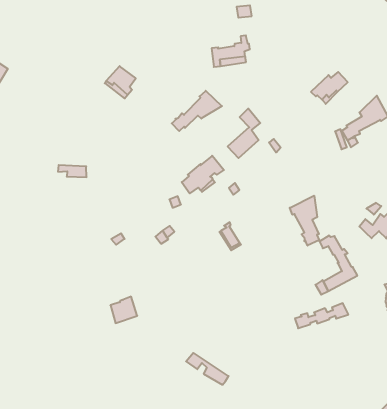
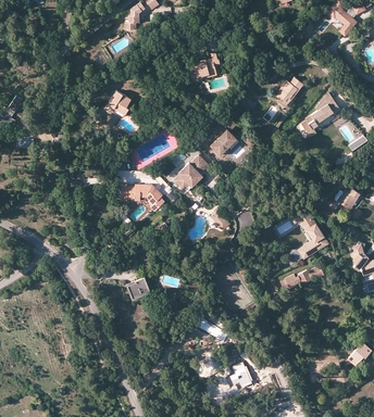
building: [172,91,222,131] -> none
building: none -> [123,182,163,204]
building: [290,196,319,246] -> none

